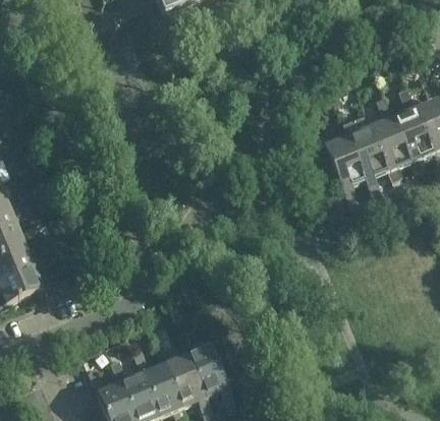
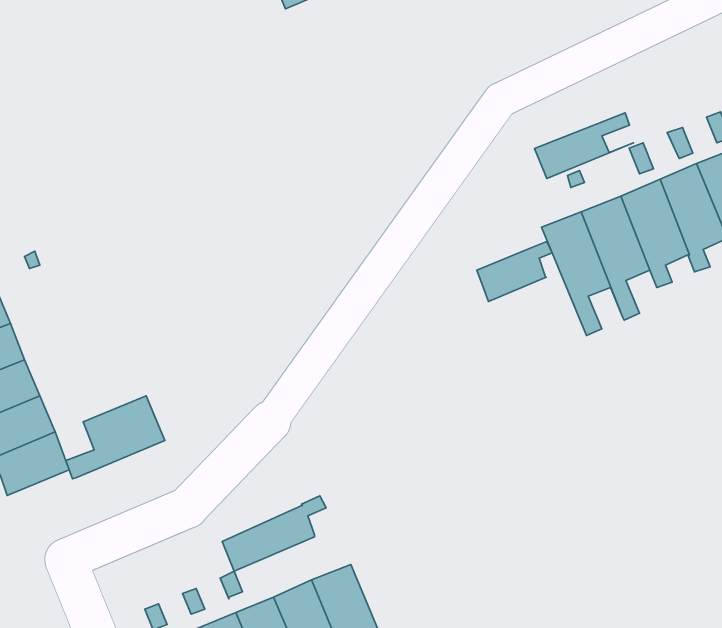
building: none -> [534,113,634,179]
building: none -> [477,241,552,302]
building: none -> [66,396,165,479]
building: none -> [222,496,326,571]

